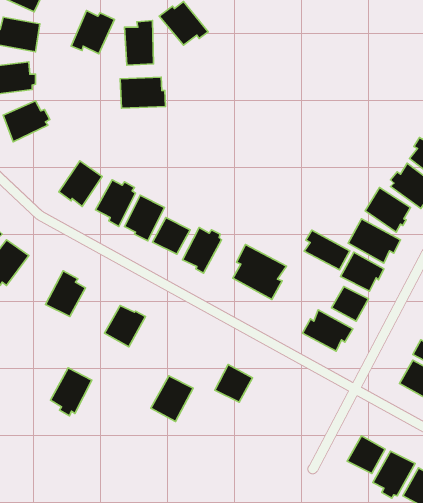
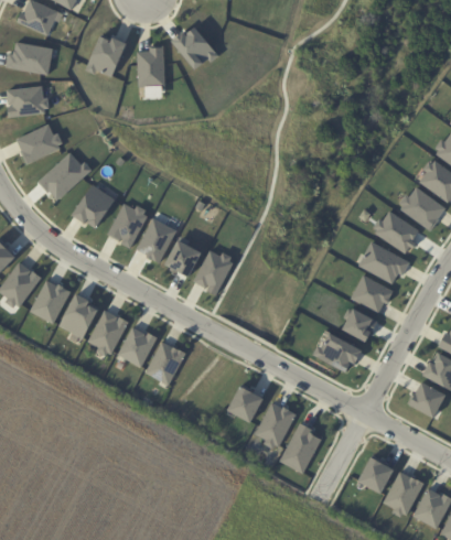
building: [120,77,165,108] -> none
building: none -> [37,151,92,198]
building: [304,230,350,270] -> none
building: [233,244,286,300] -> none
building: none -> [30,279,71,323]
building: [50,368,92,416] -> [87,309,128,356]
building: [151,376,193,422] -> [144,341,186,386]
building: none -> [255,401,298,447]
building: none -> [279,421,323,473]

